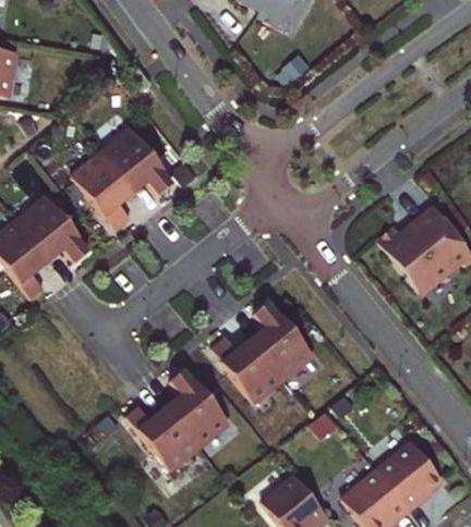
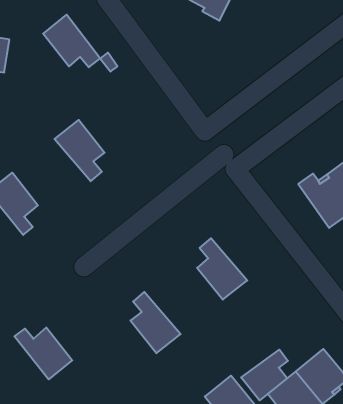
building: [102,128,174,195] -> [43,15,100,67]
building: [19,195,90,262] -> none
building: [214,336,285,403] -> none
building: [128,405,201,470] -> [14,328,72,379]
building: none -> [241,350,288,400]

